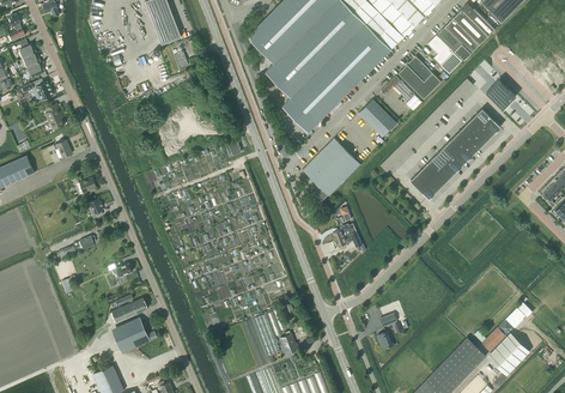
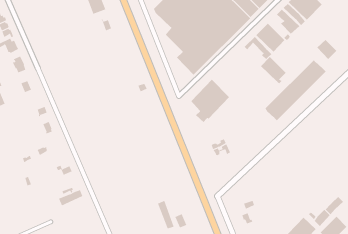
building: [358,99,396,140] -> [260,56,286,84]
building: [114,321,157,353] -> none

